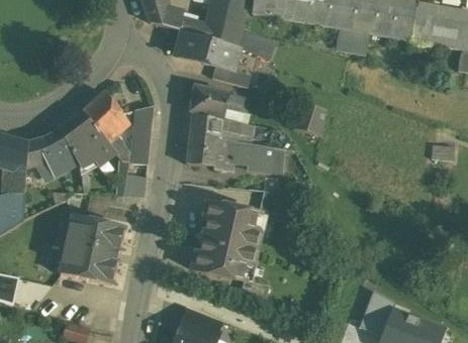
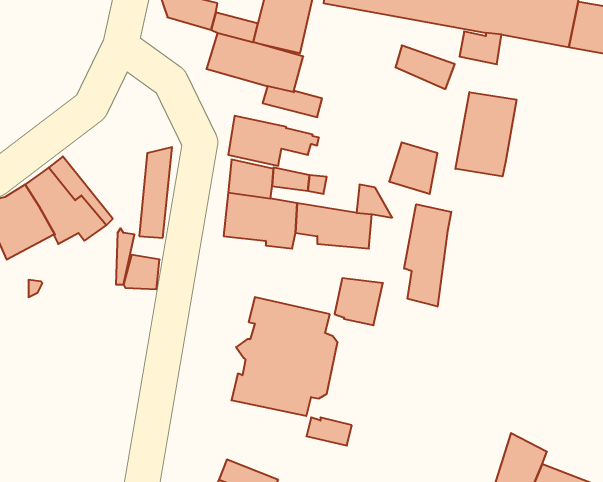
building: [236,30,274,59] -> [395,45,455,89]
building: none -> [455,92,517,176]
building: [82,91,125,138] -> none
building: none -> [404,204,451,307]
building: [60,214,123,283] -> none

